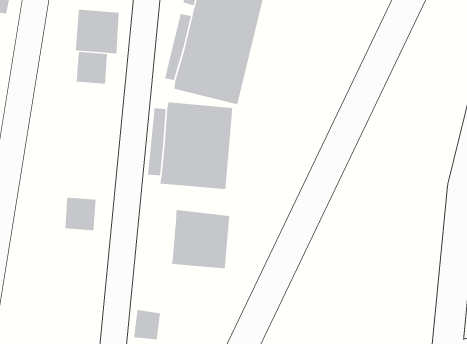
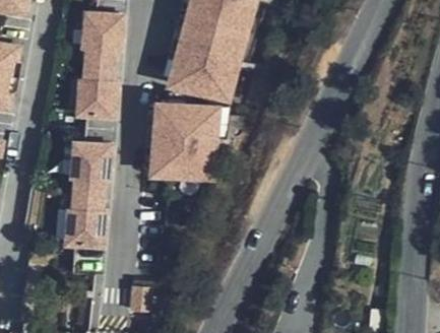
building: none -> [76,80,117,121]
building: none -> [71,145,112,185]
building: [171,209,230,269] -> none
building: none -> [66,210,107,249]

